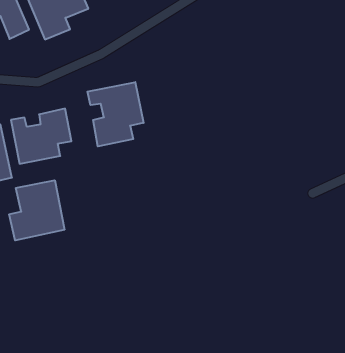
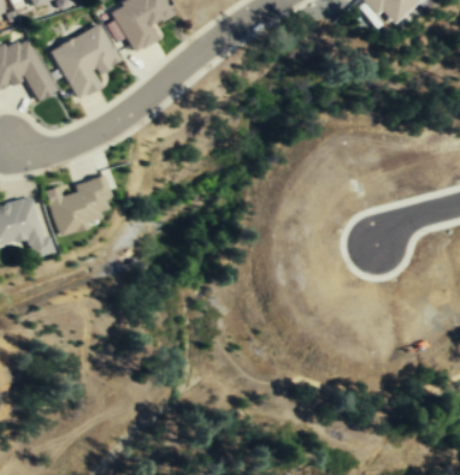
building: [87,82,144,146] -> none
building: [9,180,64,240] -> none

